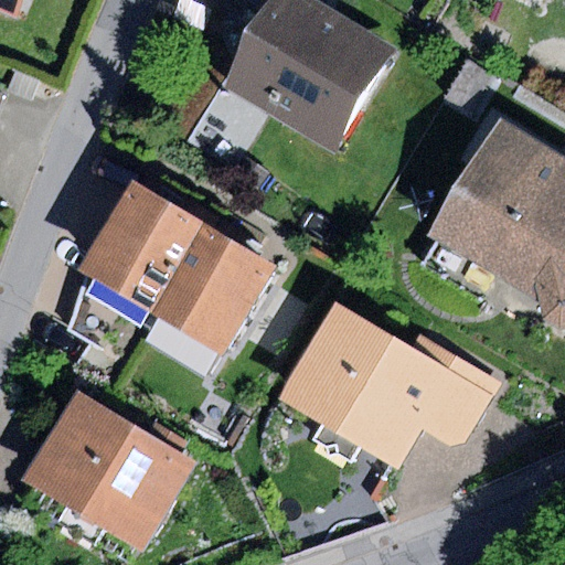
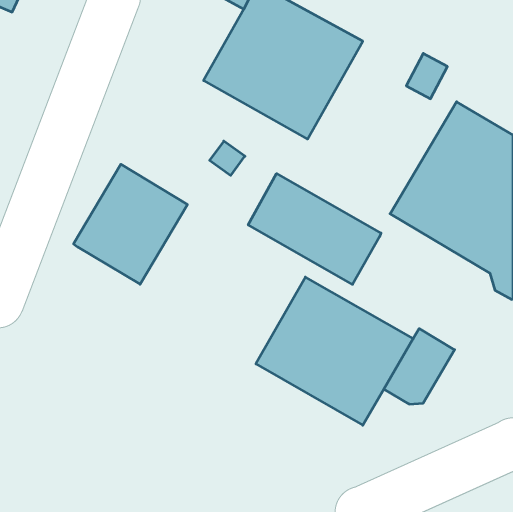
building: none -> [248,174,381,284]
building: [143,224,271,373] -> none
building: [24,391,194,547] -> none

